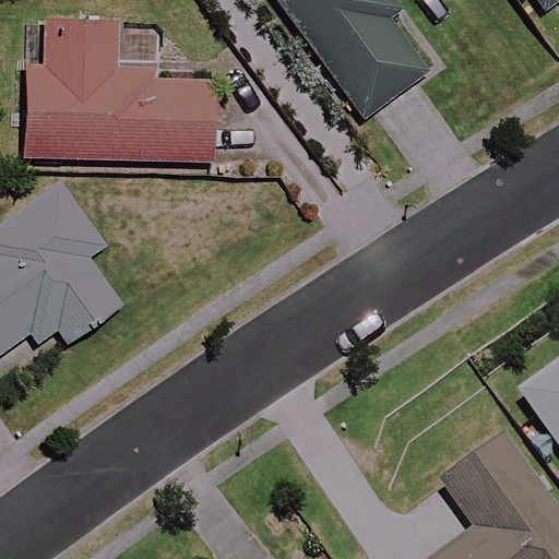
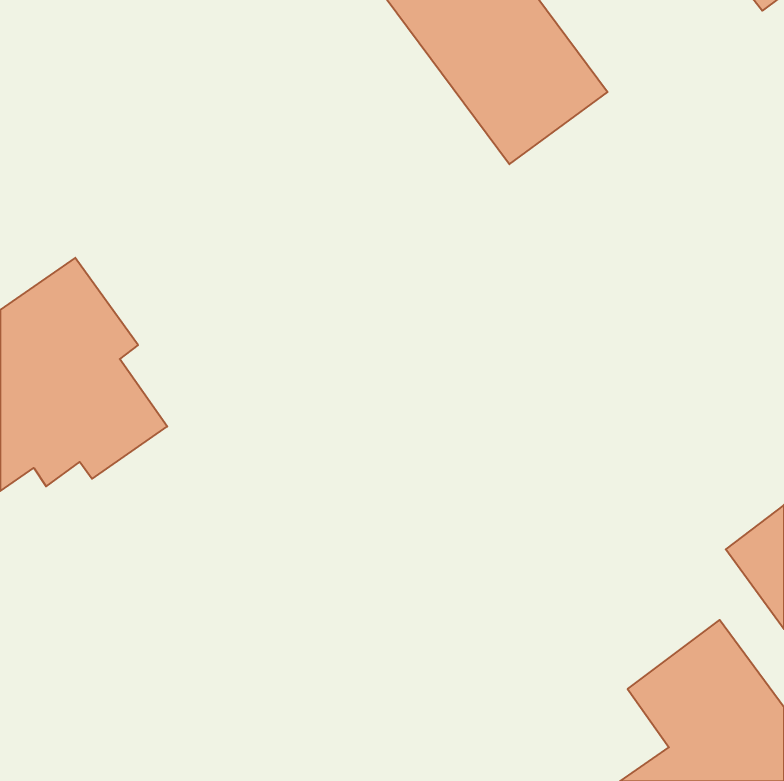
building: [26,21,218,162] -> none

